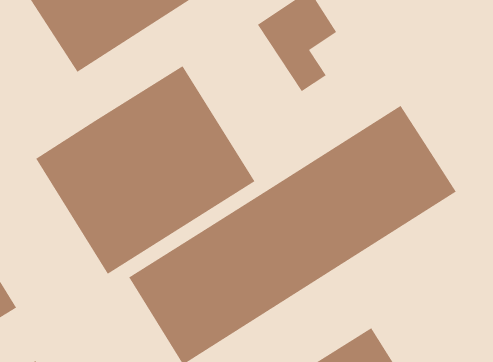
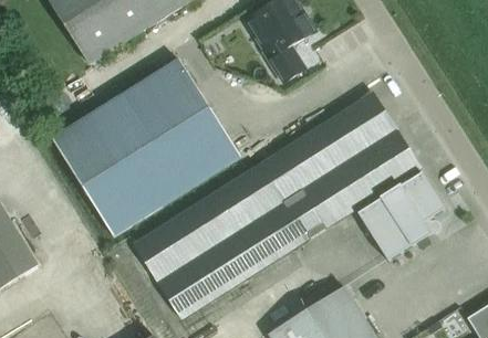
building: none -> [359,172,446,261]

